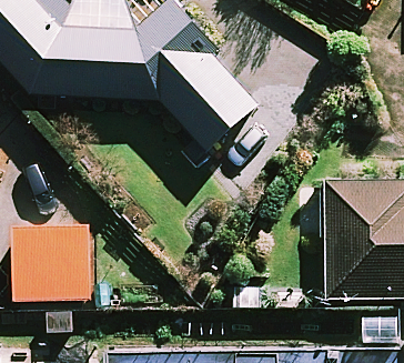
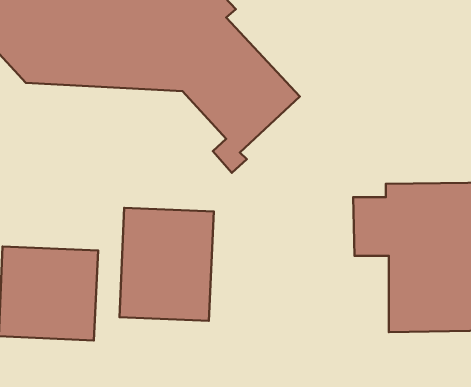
building: none -> [119,208,214,321]

